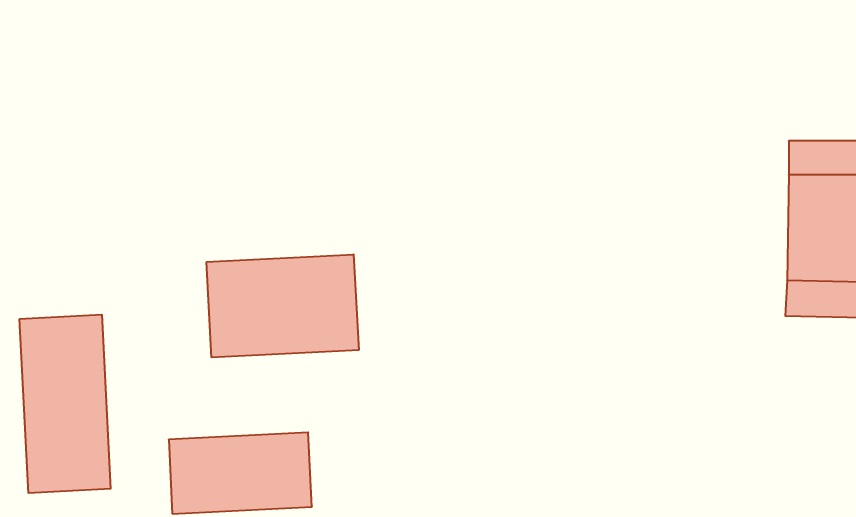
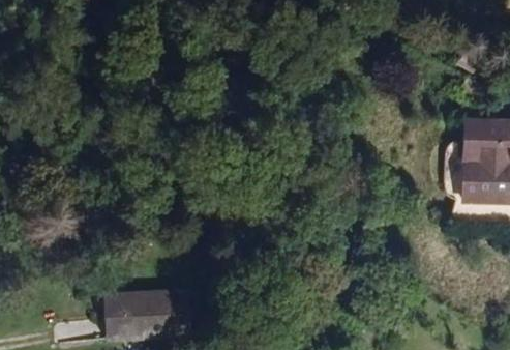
building: [207,254,359,357] -> none
building: [20,315,111,493] -> none

